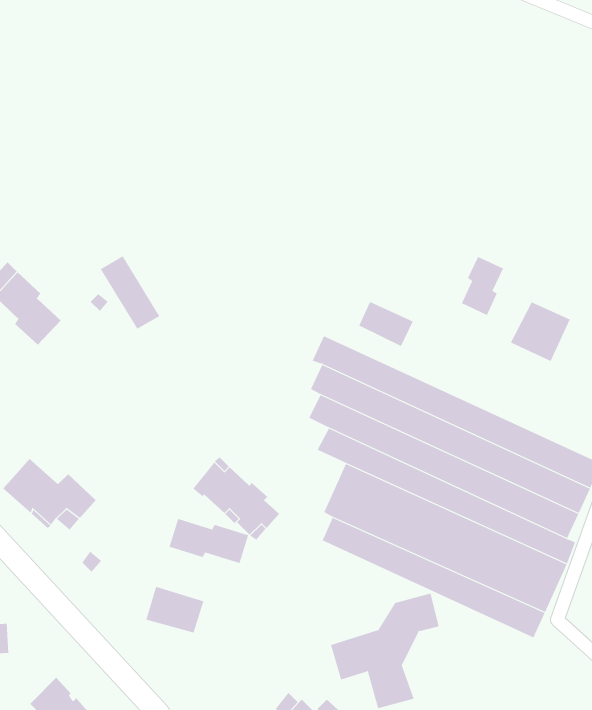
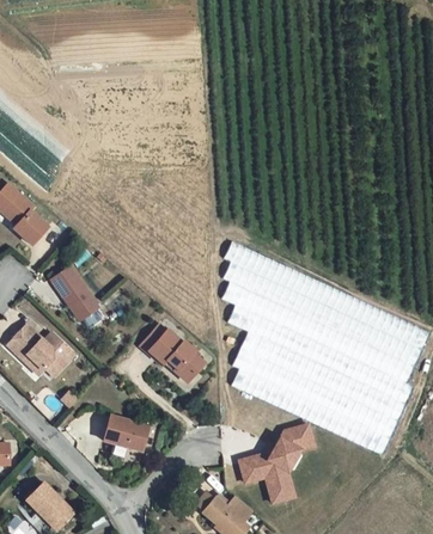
building: [100,256,160,330] -> [53,268,96,320]
building: [461,256,504,316] -> none
building: [359,301,413,347] -> none
building: [510,302,570,362] -> none
building: [169,518,249,564] -> none

